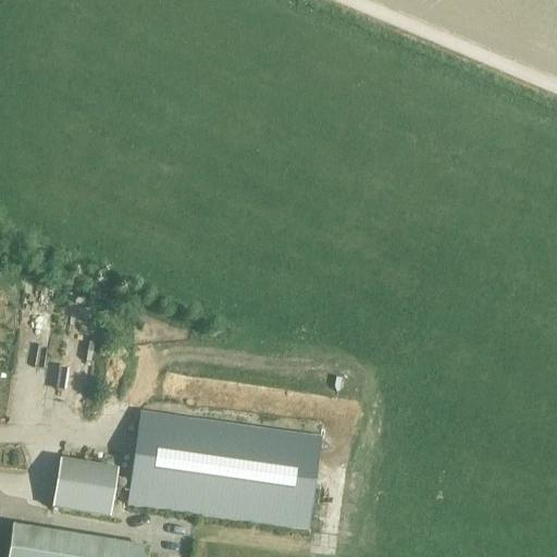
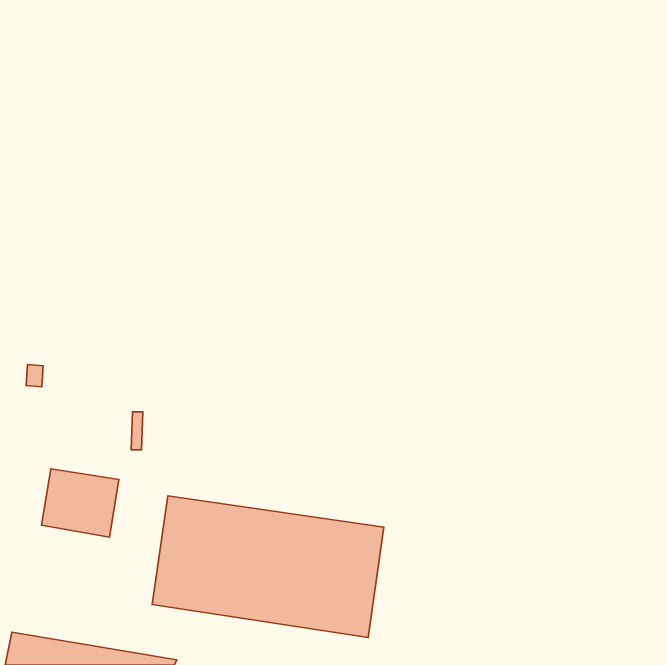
building: [53,459,117,516] -> [42,469,119,537]

